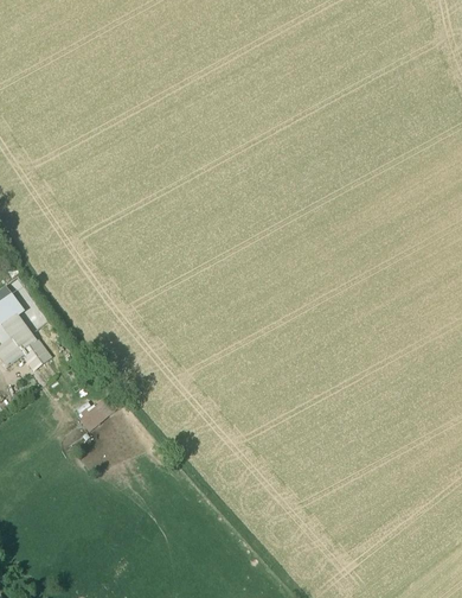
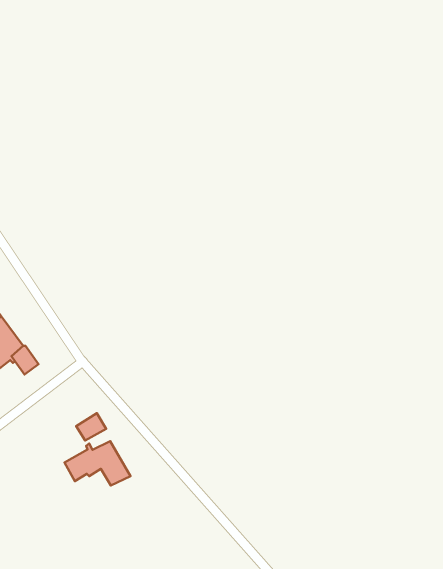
building: none -> [64,441,131,486]

